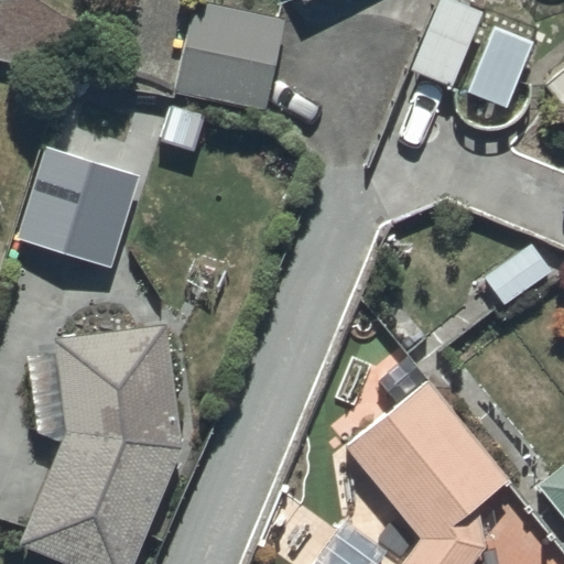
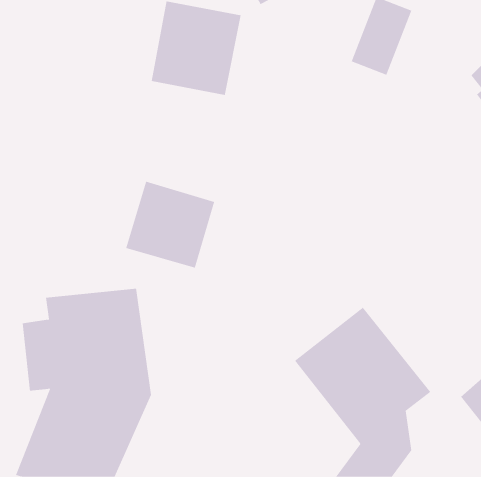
building: [19,150,138,267] -> none
building: none -> [126,181,215,268]

